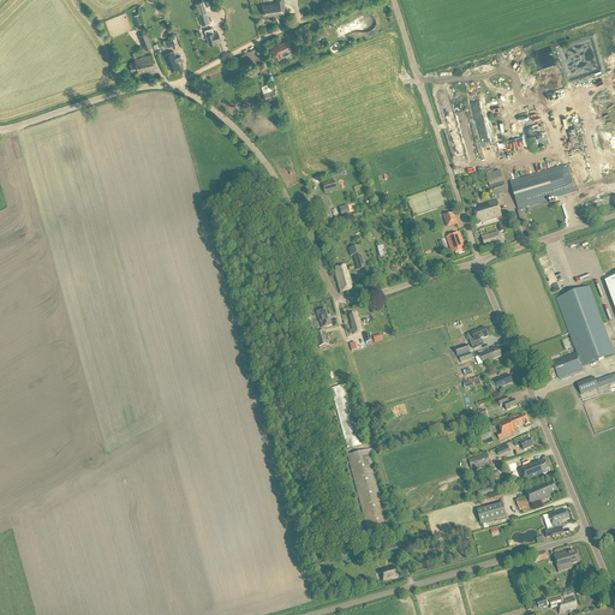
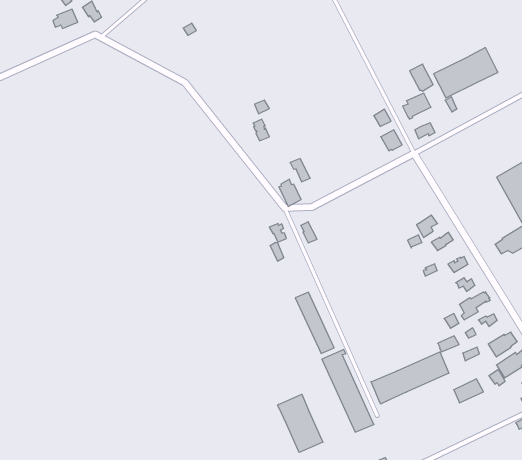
building: none -> [371,352,449,404]
building: none -> [278,394,323,452]

